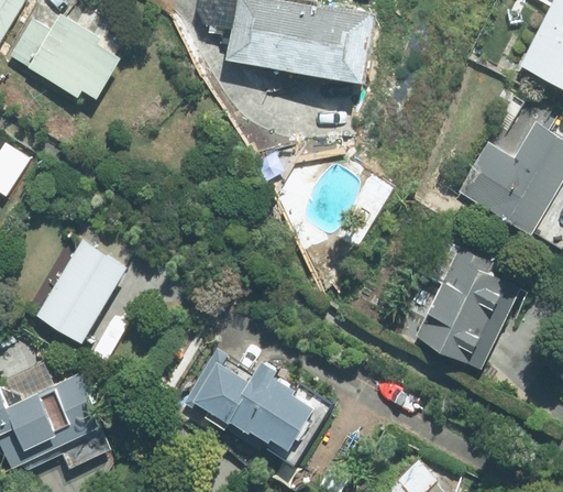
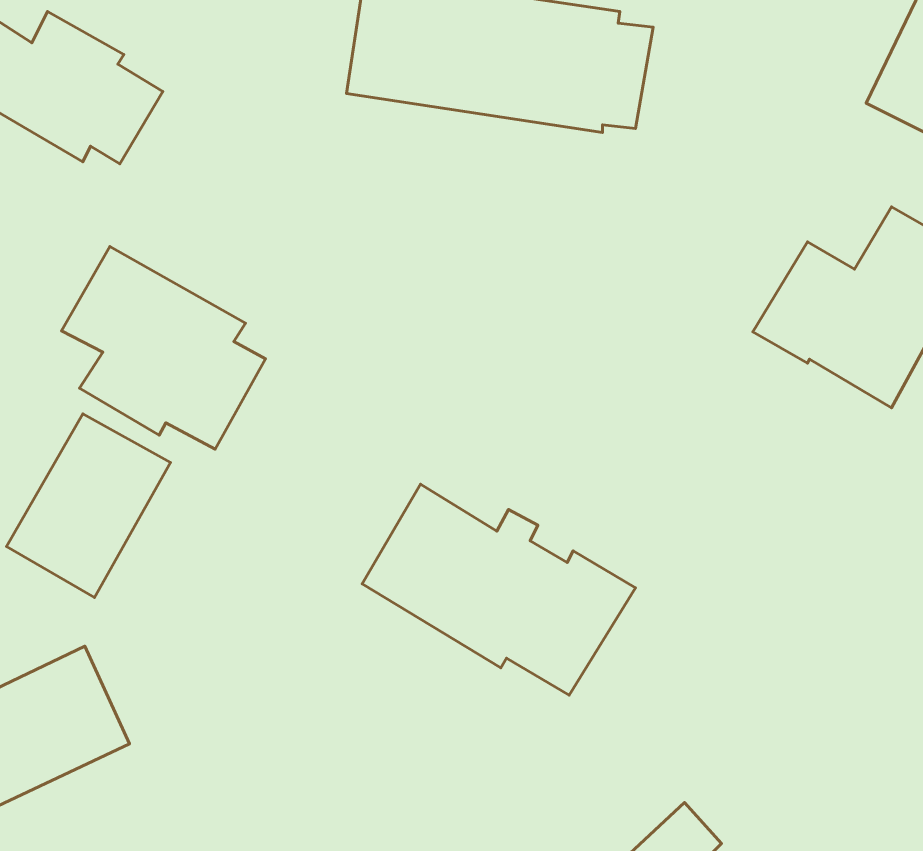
building: none -> [61,247,265,449]
building: [417,245,525,369] -> none
building: [180,349,334,468] -> [362,484,636,695]

